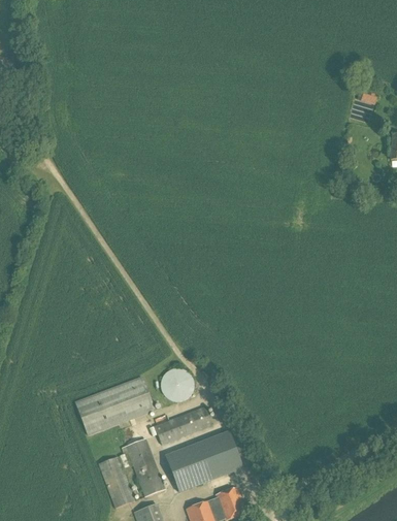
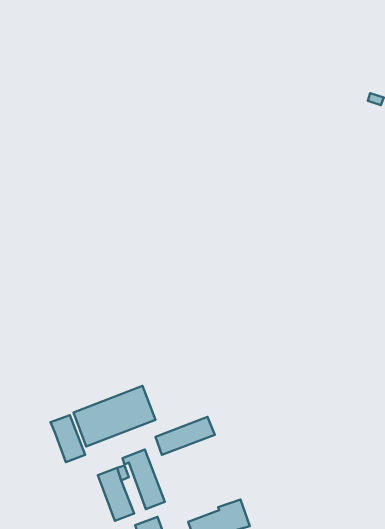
building: [159,367,193,401] -> none
building: none -> [50,415,85,462]
building: [165,432,241,491] -> none

